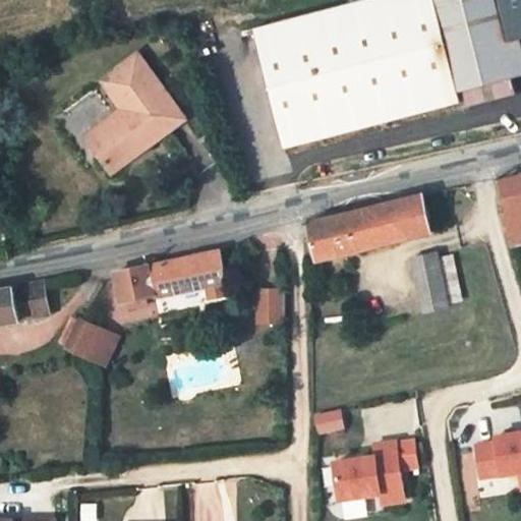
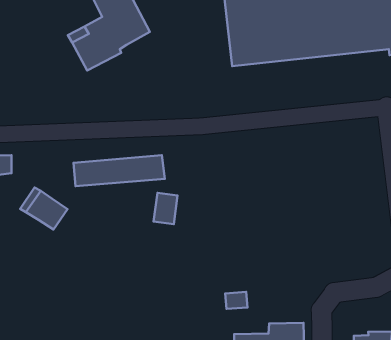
building: [308,190,437,262] -> none
building: [413,255,449,316] -> none
building: [256,288,281,323] -> [154,193,178,224]

